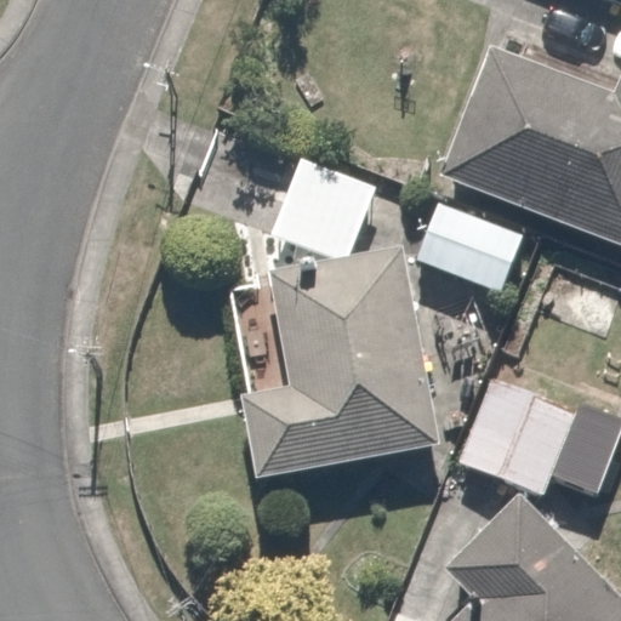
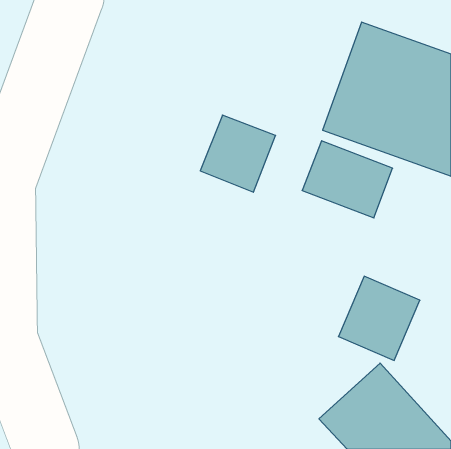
building: [245,261,435,482] -> none

